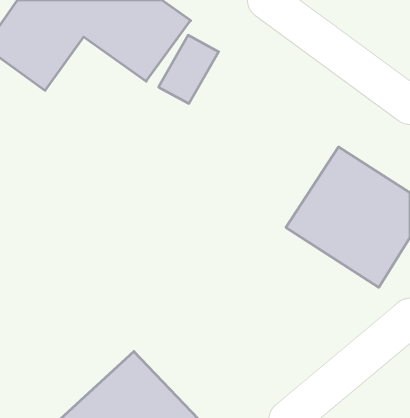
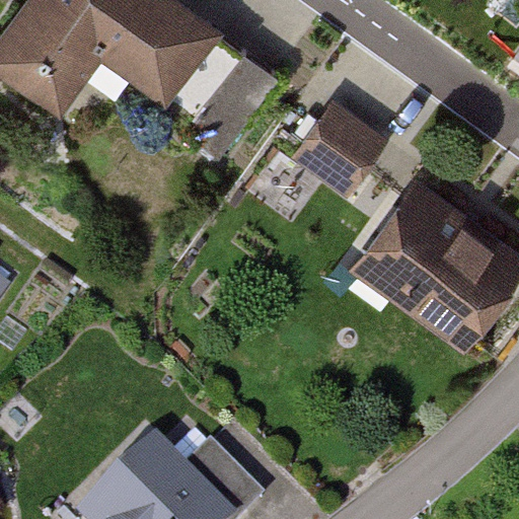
building: none -> [291,98,387,193]

